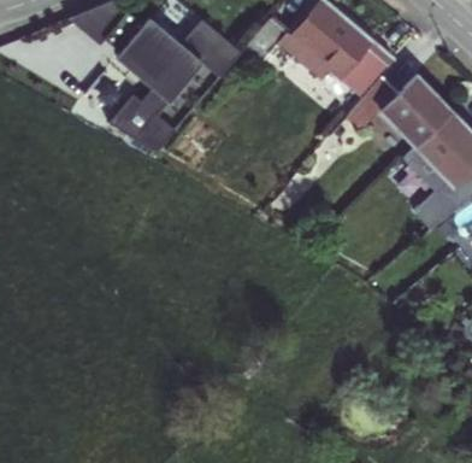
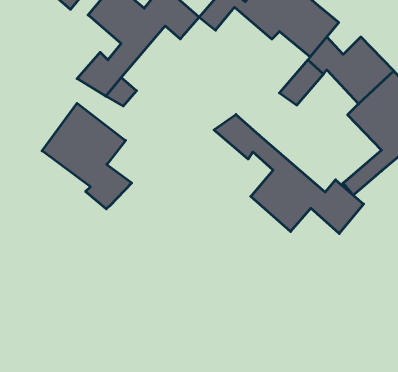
building: none -> [42,103,132,209]
building: none -> [214,114,364,234]

